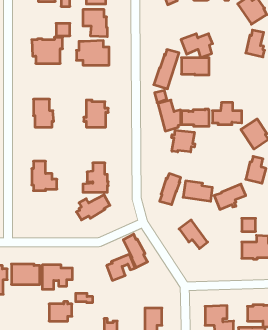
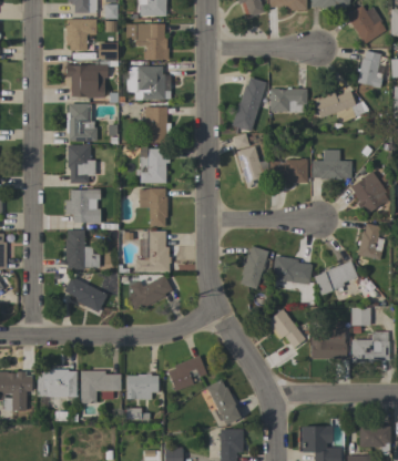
building: none -> [67,19,96,50]
building: [181,34,213,57] -> [313,91,356,123]
building: none -> [67,103,96,141]
building: none -> [145,106,171,143]
building: [172,130,195,152] -> none
building: none -> [140,188,167,226]
building: none -> [65,189,100,223]
building: none -> [63,275,108,313]
building: none -> [310,321,347,359]
building: [123,234,148,268] -> [207,380,241,426]
building: [49,302,72,321] -> [126,372,157,399]

